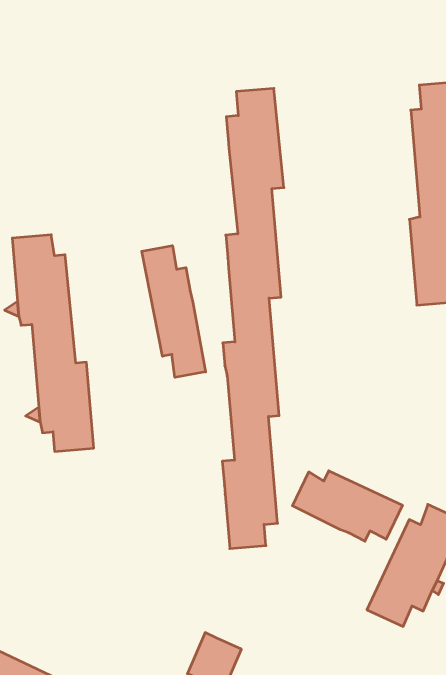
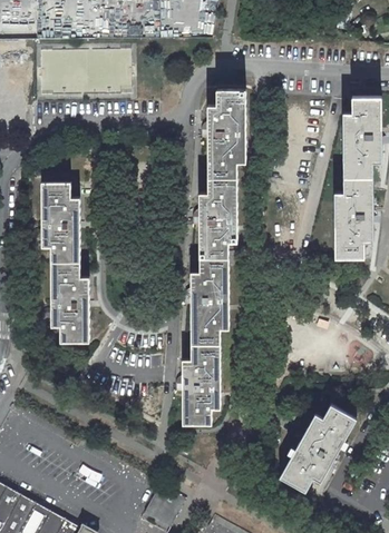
building: [142,246,206,377] -> none
building: [292,471,402,541] -> none

